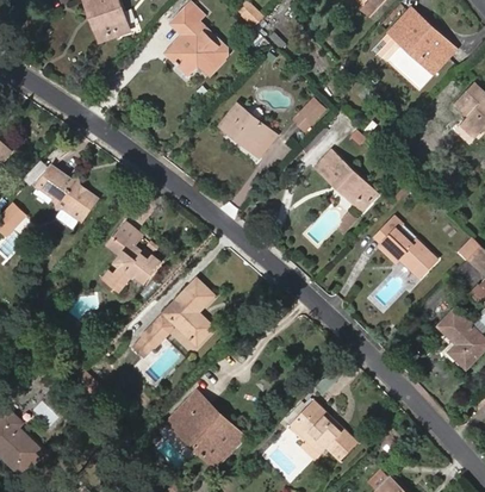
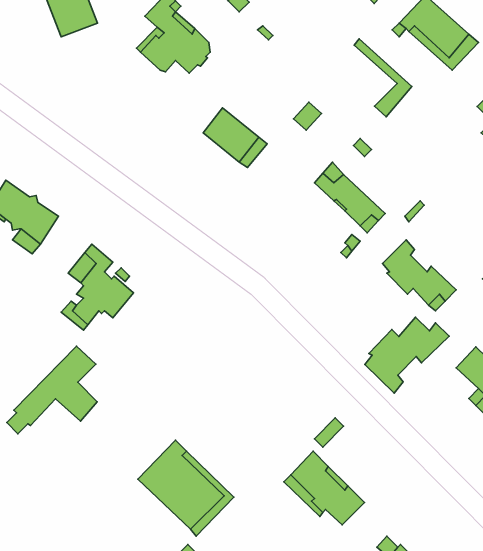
building: none -> [354,39,412,117]
building: [133,280,211,355] -> [7,346,97,434]
building: none -> [365,317,449,393]

